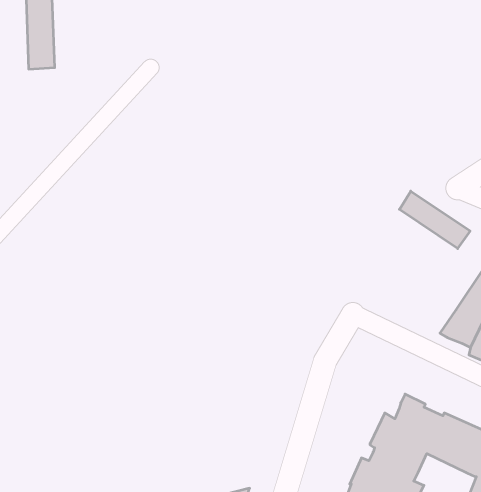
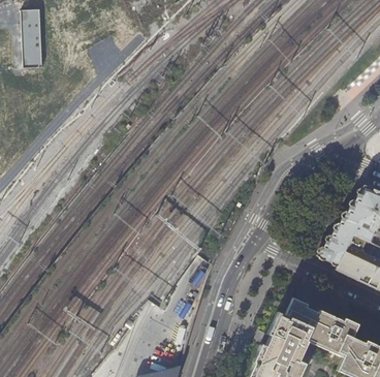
building: [399,191,470,249] -> none

